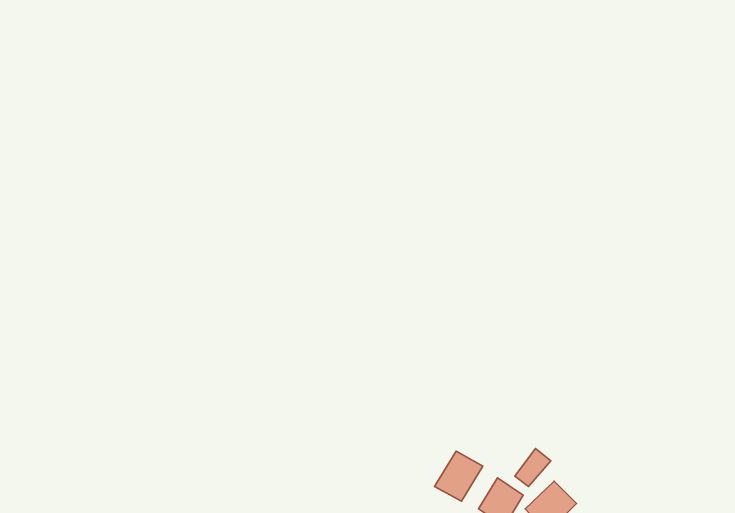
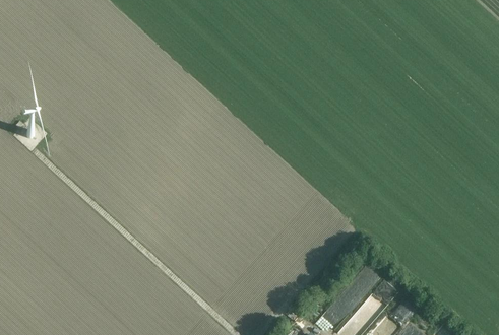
building: [435,451,483,501] -> none

